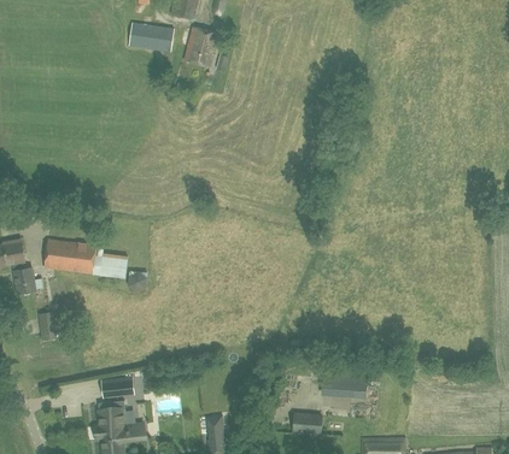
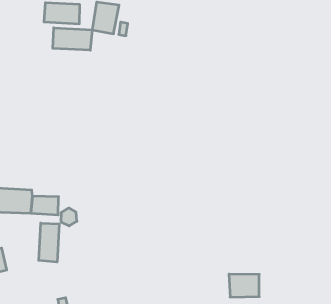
building: none -> [53,28,92,50]
building: none -> [39,223,59,262]

